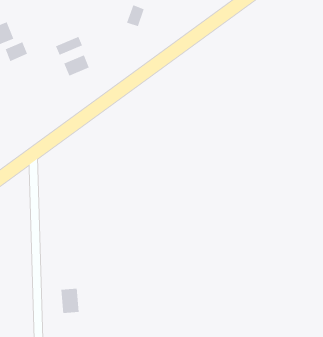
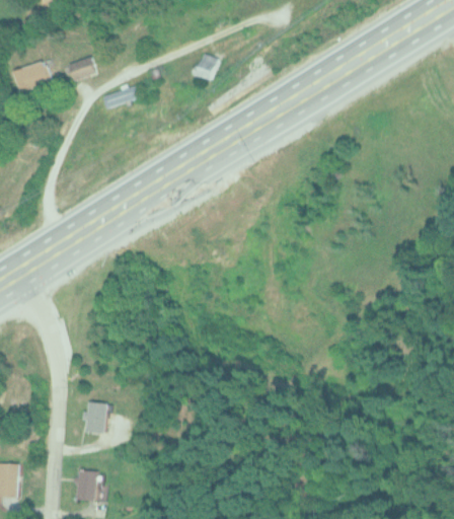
building: [5,41,28,62] -> [67,57,95,81]
building: [64,54,90,76] -> none

